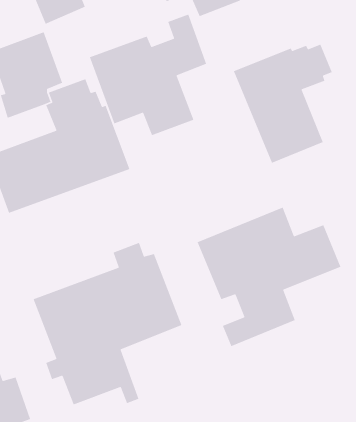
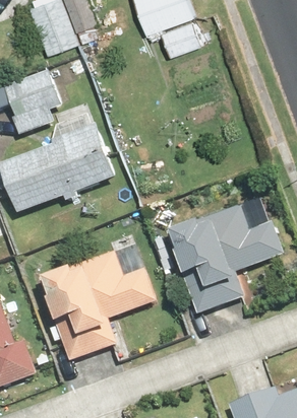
building: [89,13,207,136] -> none
building: [233,43,333,164] -> none

